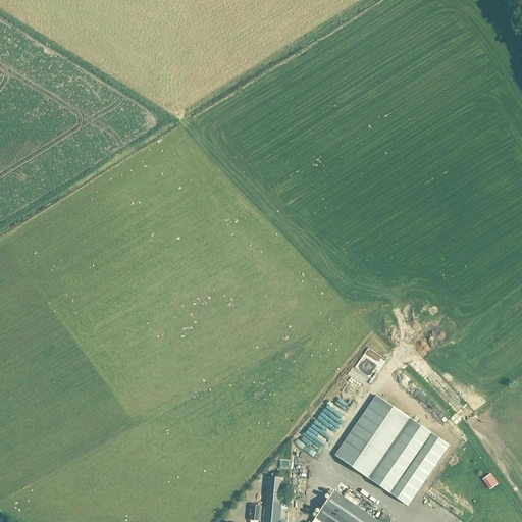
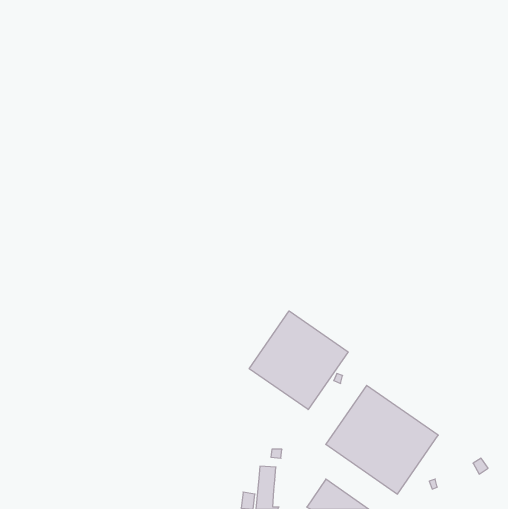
building: none -> [249,311,348,410]

